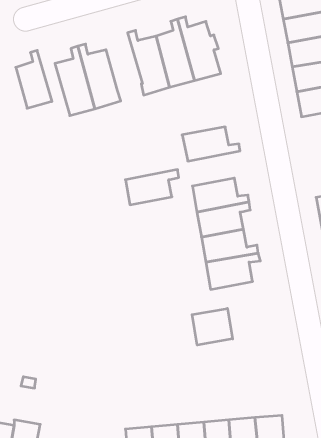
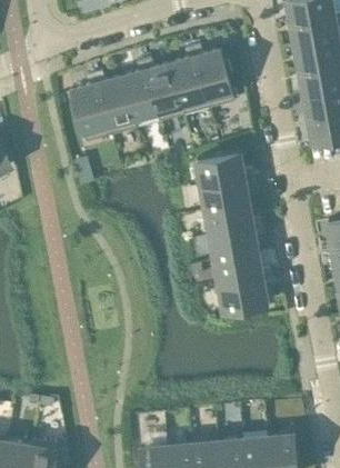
building: [16,50,52,108] -> [121,61,157,118]
building: [125,170,179,205] -> [201,177,253,211]
building: [192,308,233,345] -> none

